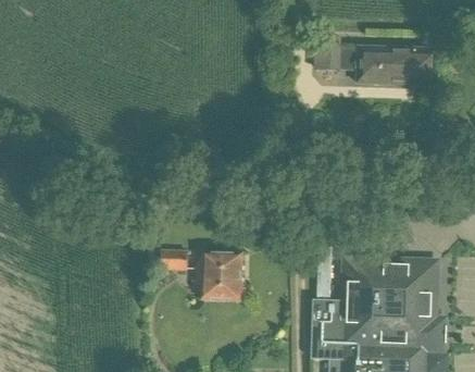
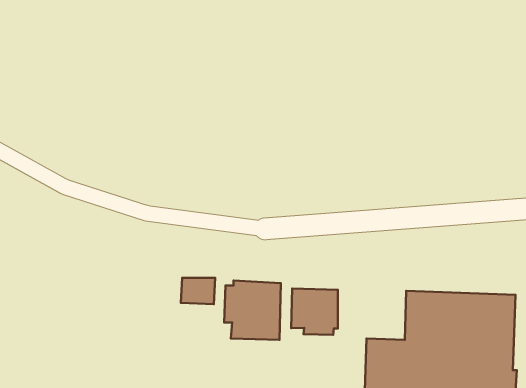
building: [315,37,433,86] -> none
building: none -> [291,288,338,335]

